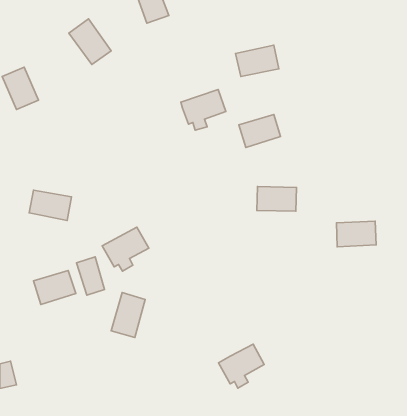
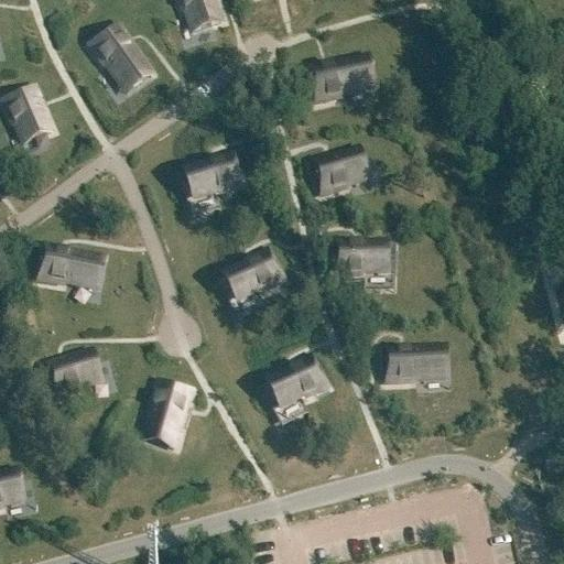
building: [181,89,226,130] -> [185,156,243,209]
building: [336,221,376,247] -> [384,348,436,381]
building: [102,227,149,271] -> [223,252,283,310]
building: [77,257,105,295] -> none
building: [218,344,264,388] -> [267,359,326,416]

